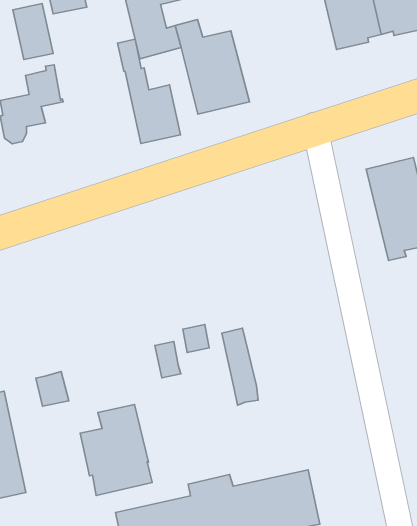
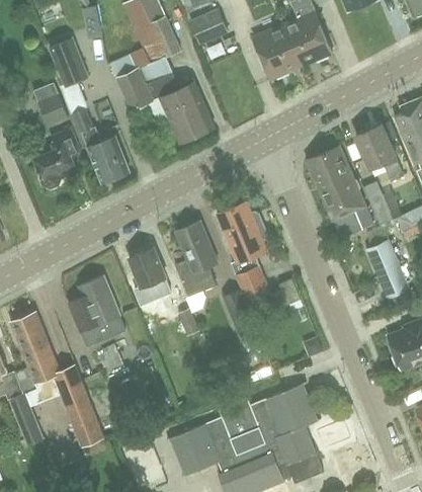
building: [118,39,181,143] -> [73,107,130,181]
building: none -> [217,201,276,316]
building: none -> [175,221,217,297]
building: none -> [129,248,171,305]
building: [80,405,152,495] -> [68,275,125,345]

